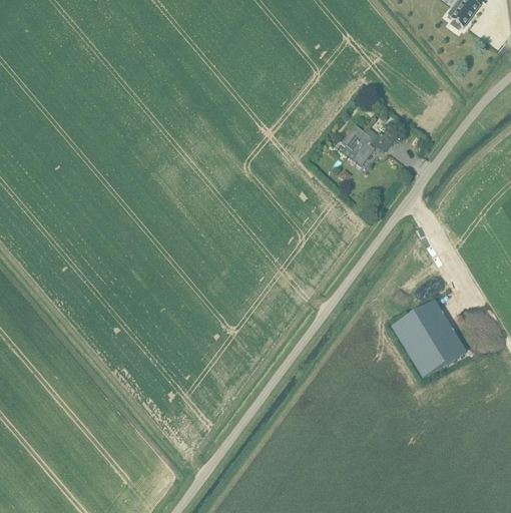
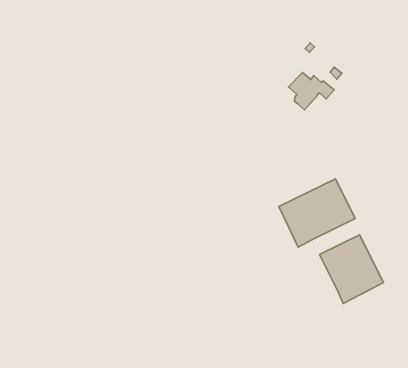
building: none -> [279,179,355,247]

